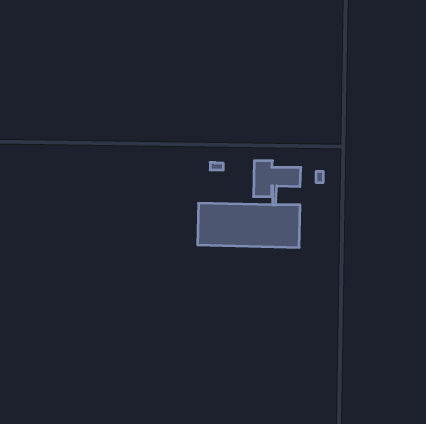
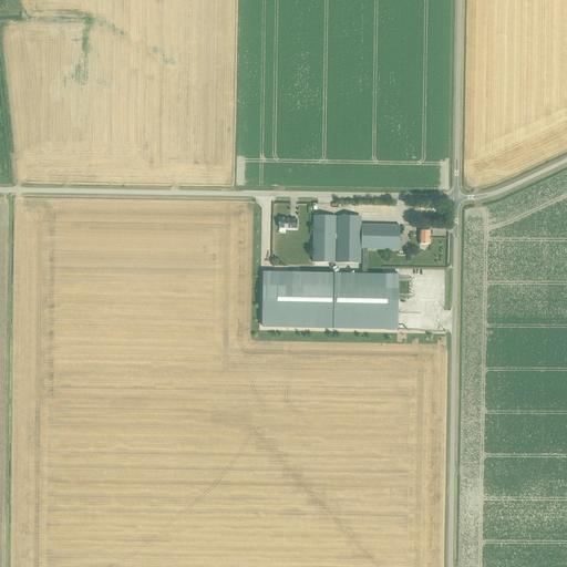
building: none -> [312,214,336,261]

